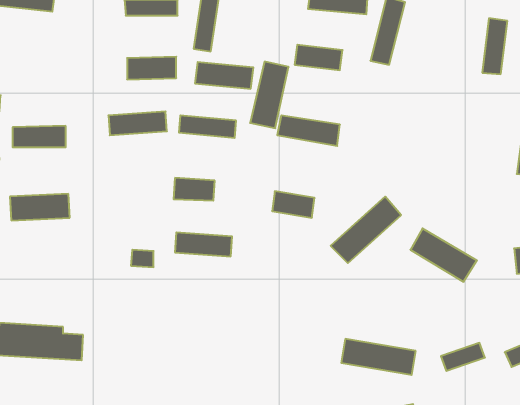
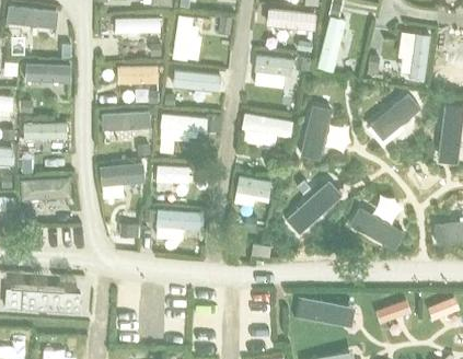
building: none -> [25,63,71,83]
building: [250,62,289,128] -> [300,105,332,160]
building: none -> [370,93,420,139]
building: none -> [99,162,144,186]

